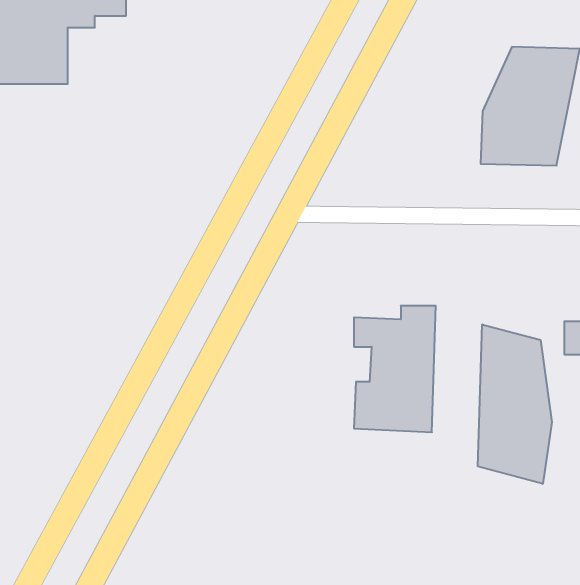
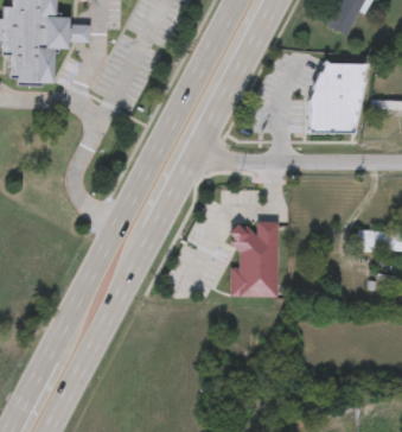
building: [478,324,552,484] -> none

